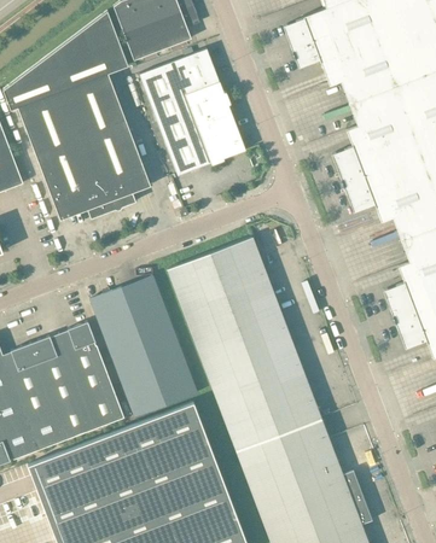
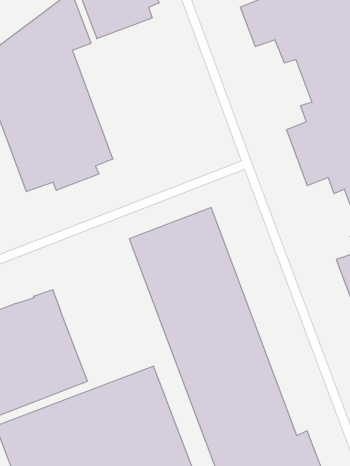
building: [139,48,245,175] -> none
building: [91,275,197,416] -> none

